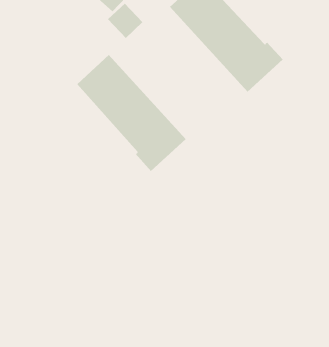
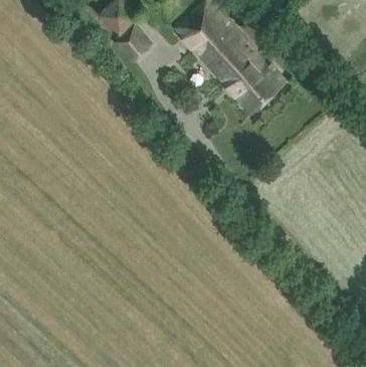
building: [76,54,186,172] -> none

